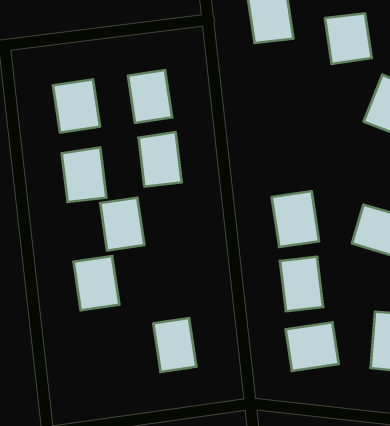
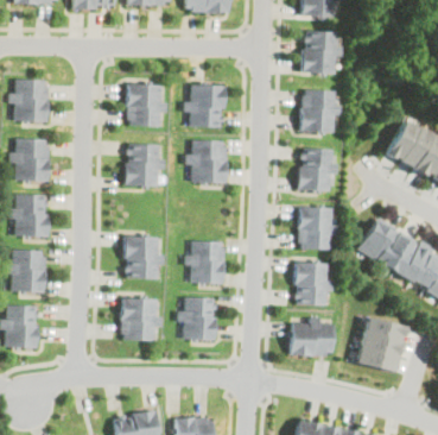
building: [325,14,372,64] -> [299,92,334,131]
building: none -> [296,147,331,191]
building: [100,198,144,250] -> [189,242,221,283]
building: none -> [120,298,153,340]

